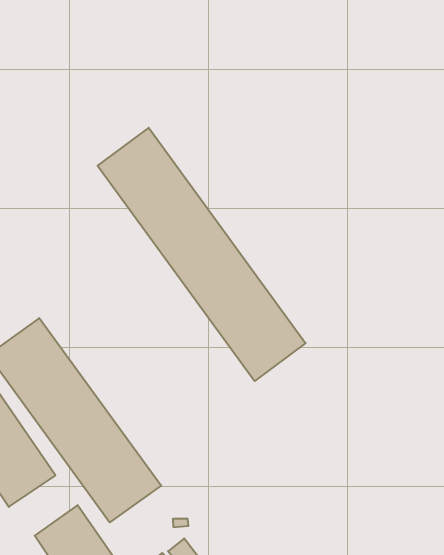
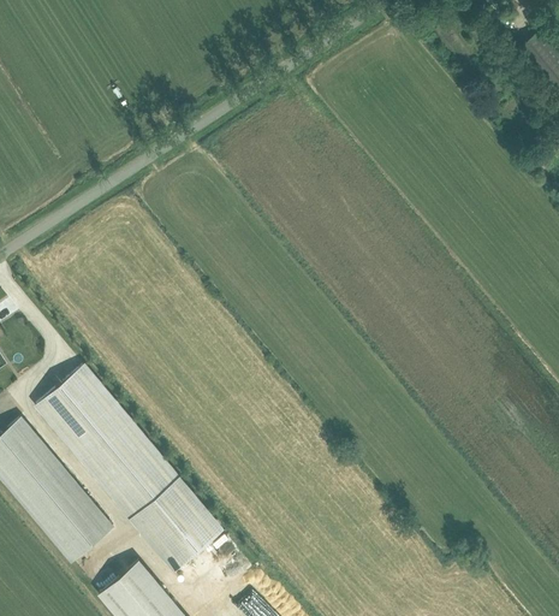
building: [98,128,306,381] -> none

